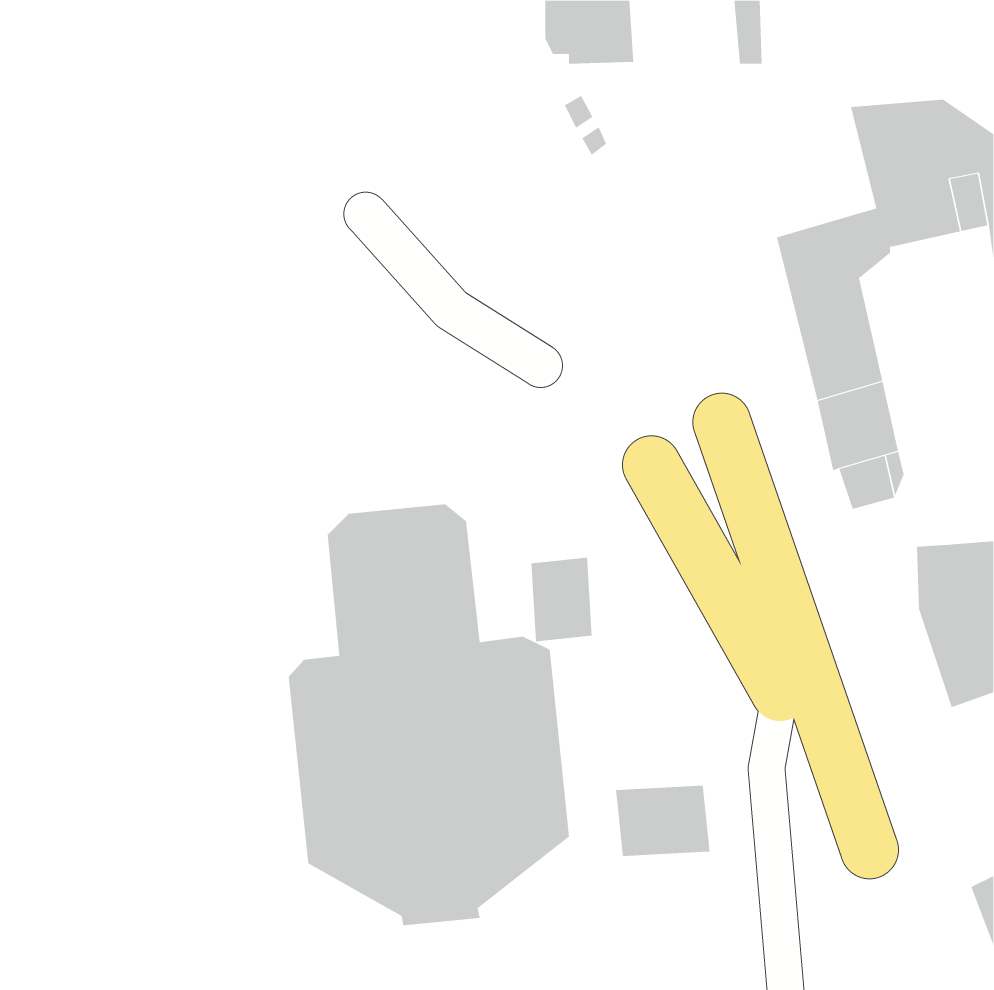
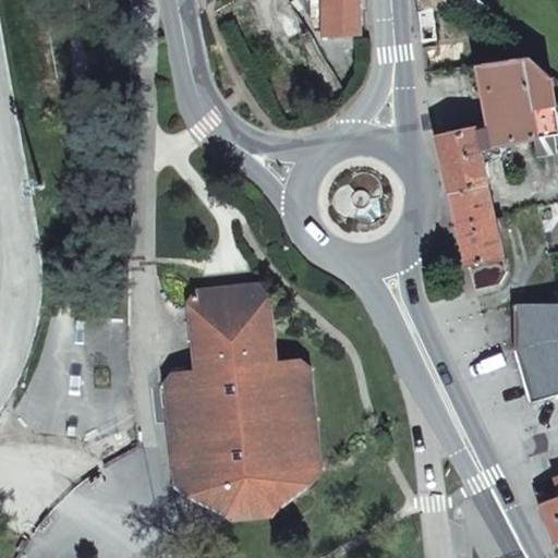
building: [531,557,592,642] -> none
building: [615,785,710,857] -> none

